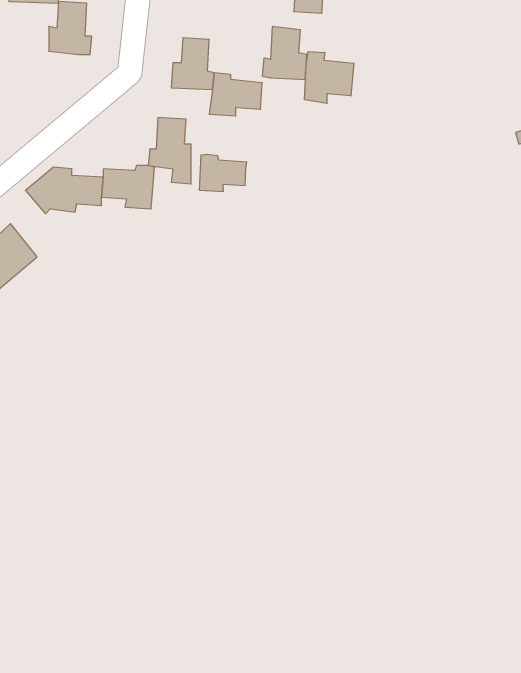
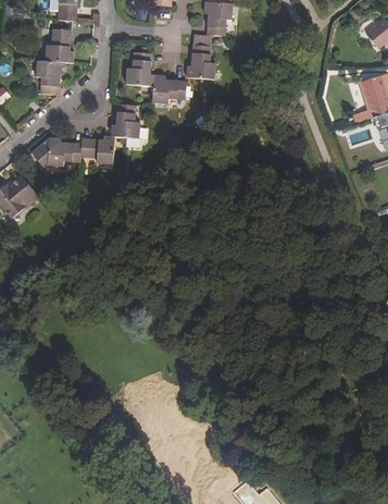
building: none -> [36,60,65,94]
building: [305,52,354,104] -> none
building: [200,154,246,192] -> none

